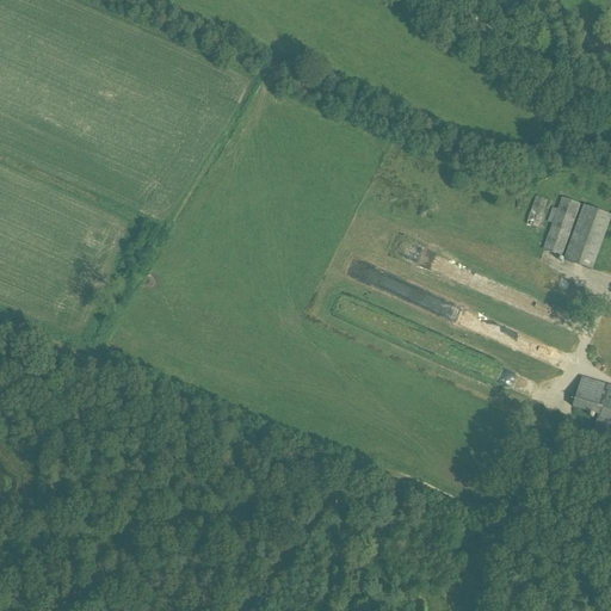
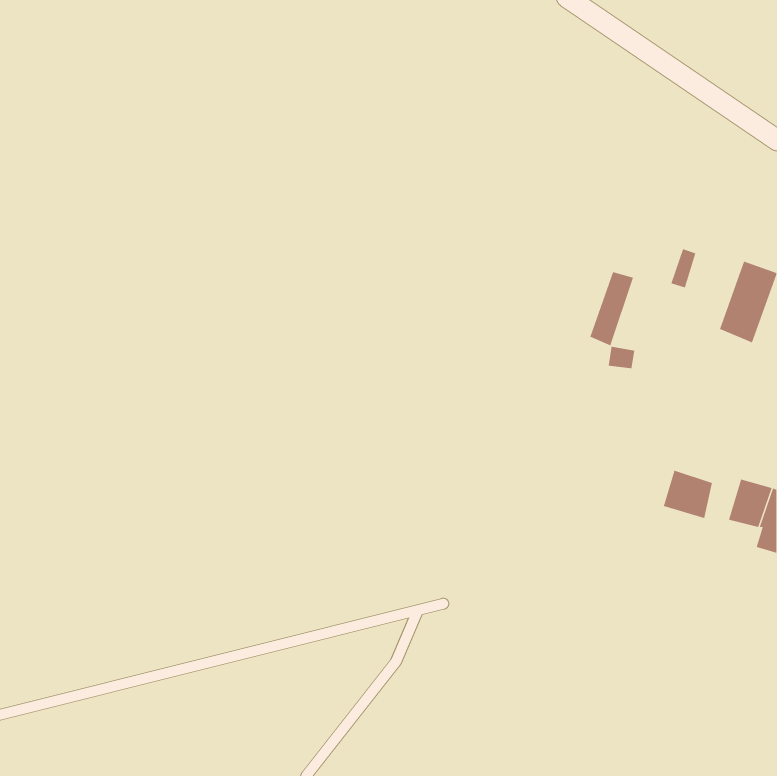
building: [543,197,578,255] -> [590,271,634,346]
building: none -> [663,470,713,519]

